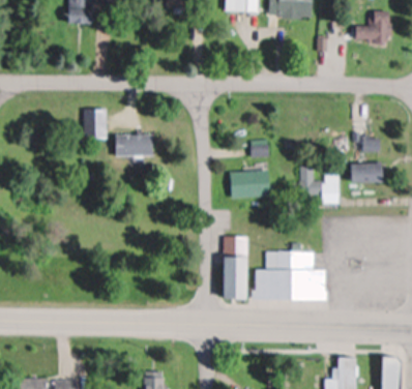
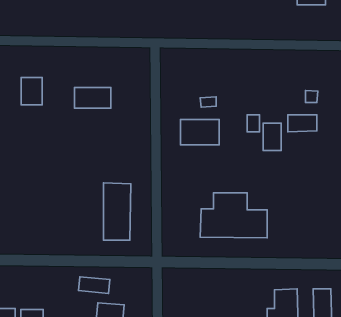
building: [86,109,109,139] -> [21,78,42,105]
building: [219,235,249,298] -> [103,183,131,240]
building: none -> [78,277,110,293]

